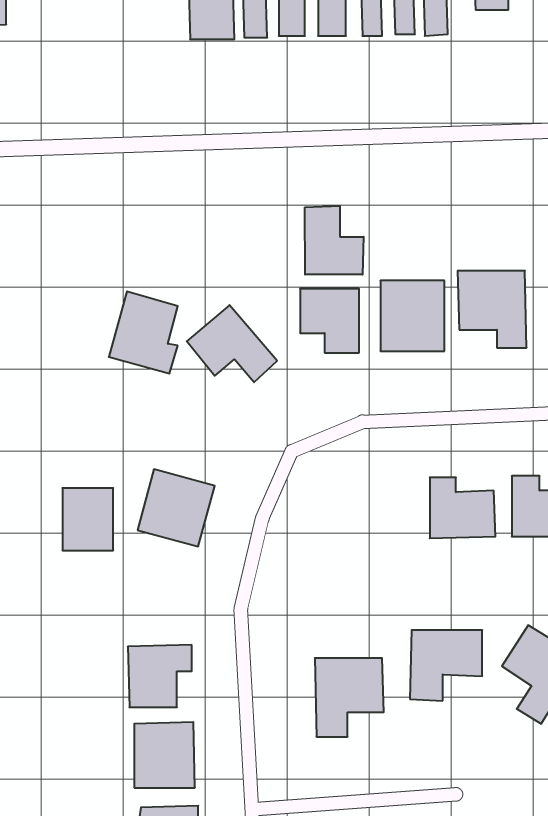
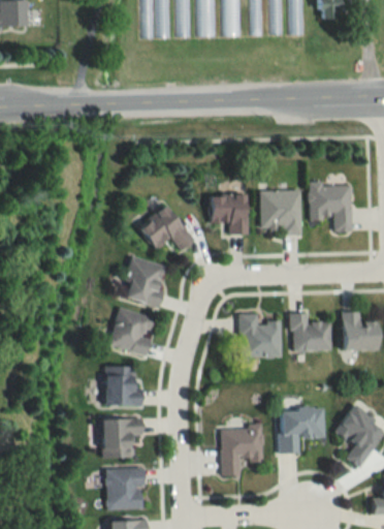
building: [305,206,364,275] -> none
building: [109,291,178,373] -> [122,256,165,308]
building: none -> [241,313,283,359]
building: [62,488,113,550] -> [106,367,138,406]

